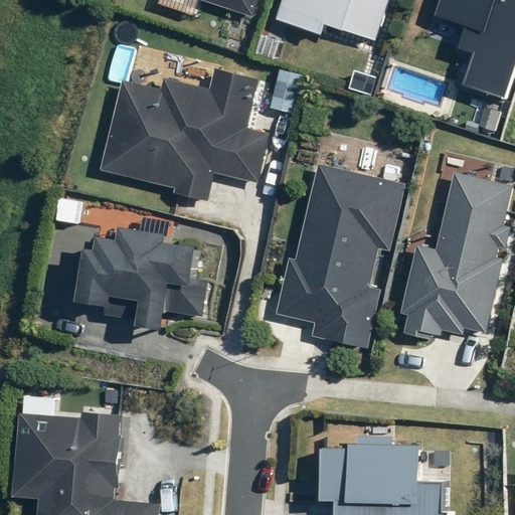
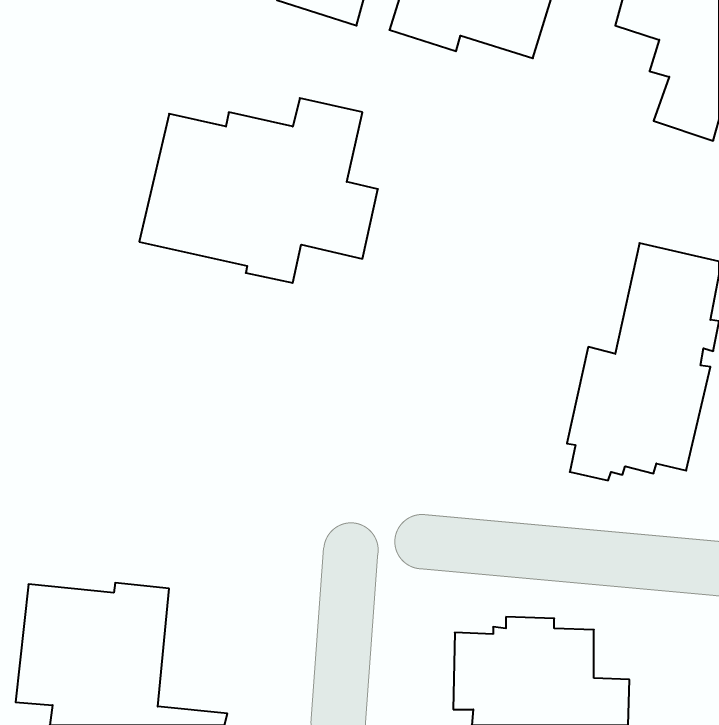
building: [276,164,405,348] -> none
building: [77,228,207,332] -> none

